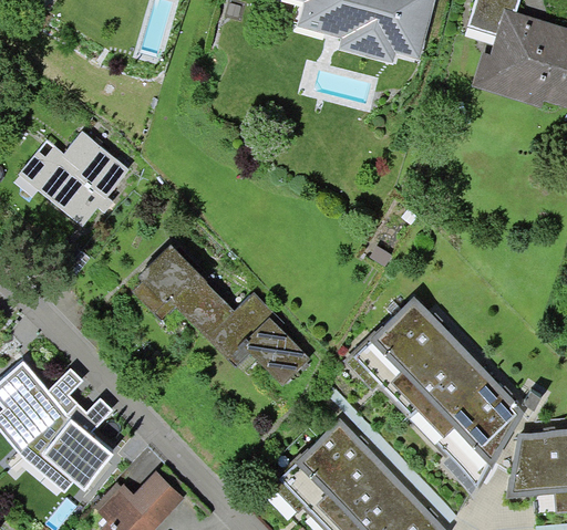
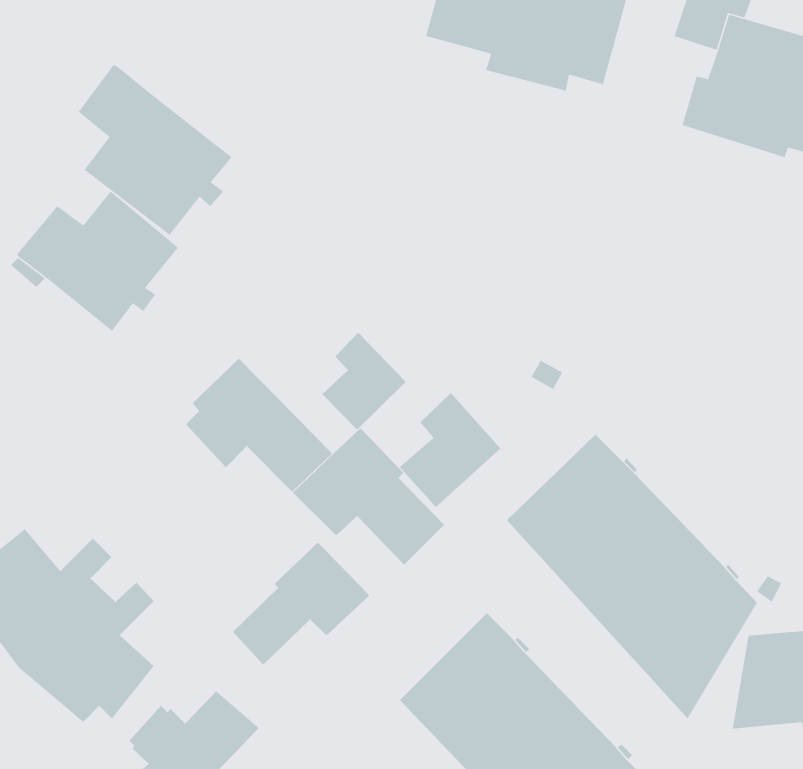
building: none -> [78,64,233,236]
building: none -> [321,332,407,430]
building: none -> [399,392,501,508]
building: none -> [232,542,370,665]

